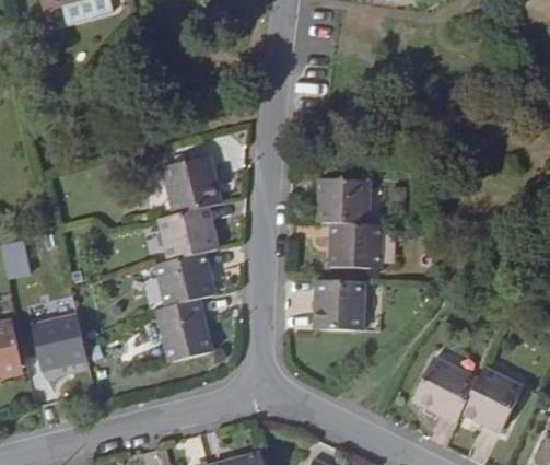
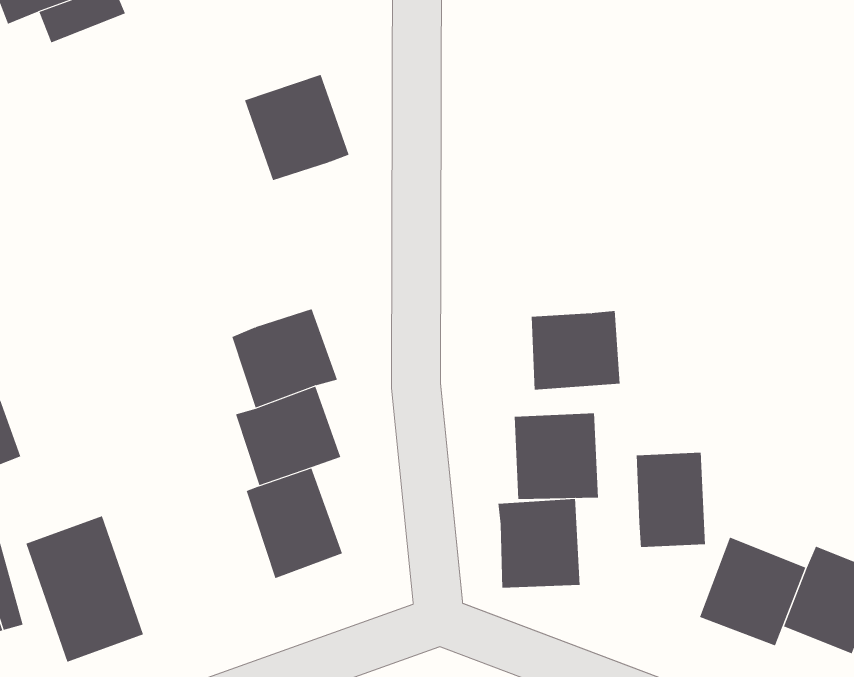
building: [161,152,219,211] -> [244,74,350,181]
building: [318,174,368,221] -> none
building: none -> [636,452,706,548]
building: none -> [498,498,580,589]

